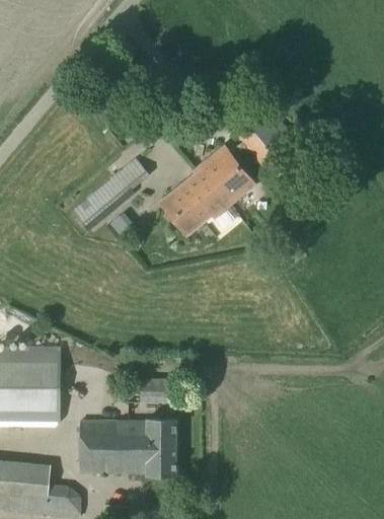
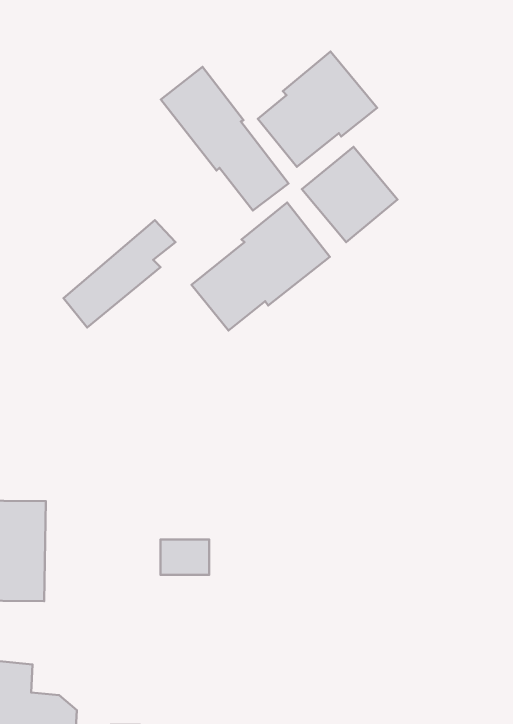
building: none -> [258,52,377,167]
building: none -> [161,67,289,210]
building: [79,419,174,475] -> none

